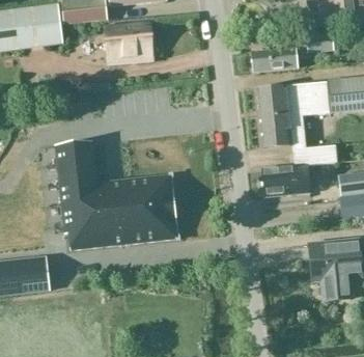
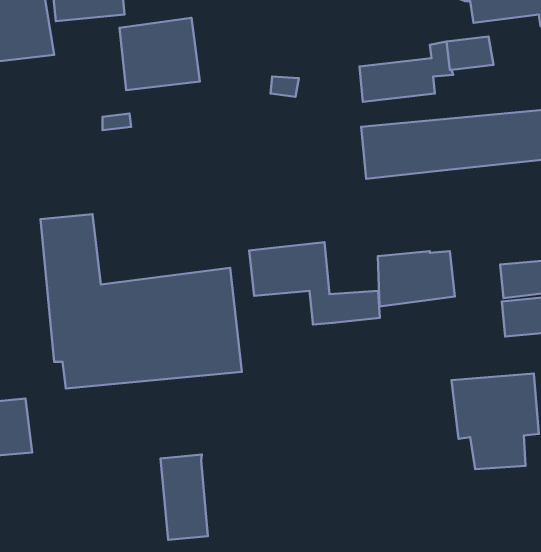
building: [255,114,336,165] -> [249,242,380,324]
building: none -> [160,454,208,540]

